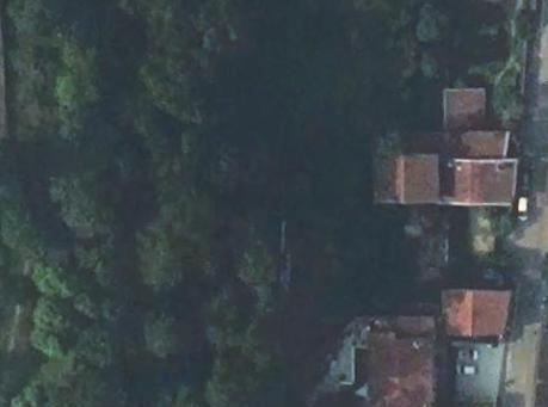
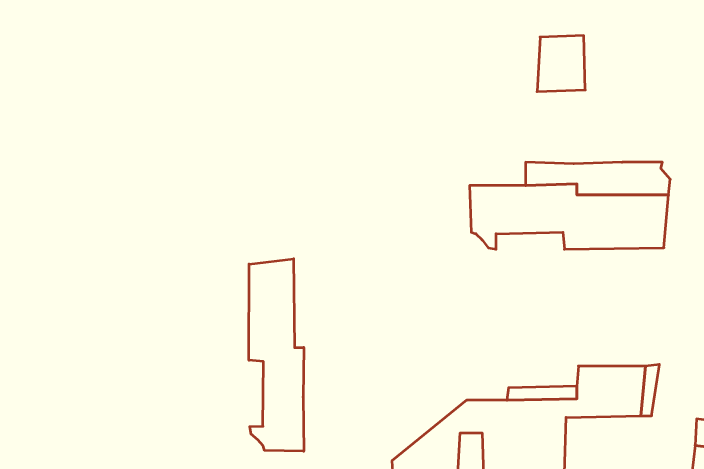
building: [443,95,480,138] -> [537,36,585,92]
building: none -> [249,259,304,451]

